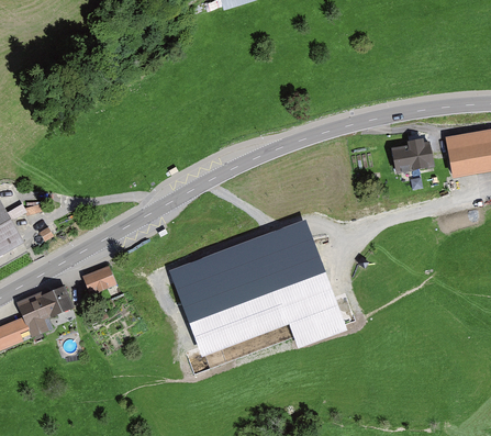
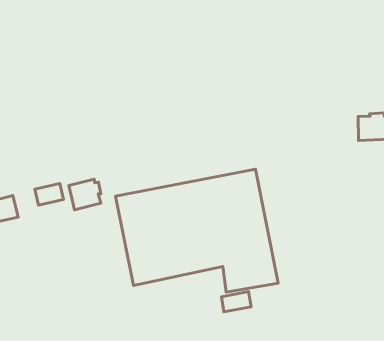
building: none -> [69,179,101,210]
building: none -> [221,291,251,312]

